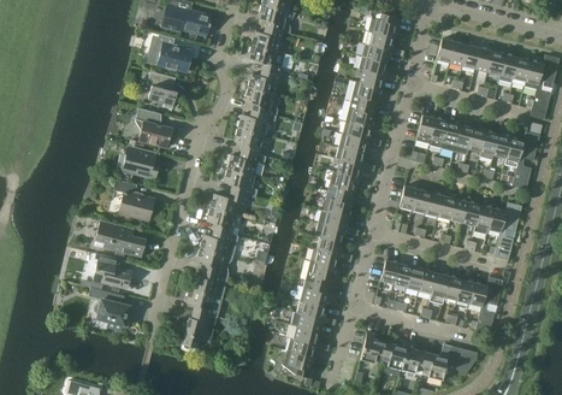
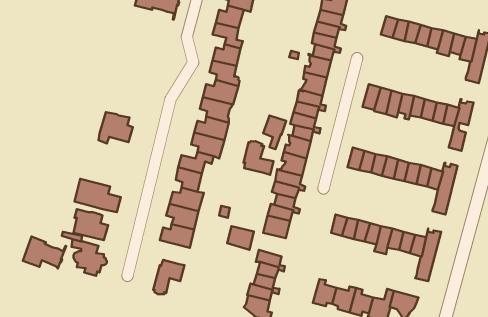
building: [152,35,193,72] -> none
building: [146,71,177,110] -> none
building: [135,108,172,148] -> none
building: none -> [263,115,286,149]
building: none -> [243,141,274,175]
building: [113,179,153,220] -> none
building: [300,281,330,307] -> [227,226,254,250]
building: none -> [23,236,66,268]
building: [185,289,223,317] -> none

